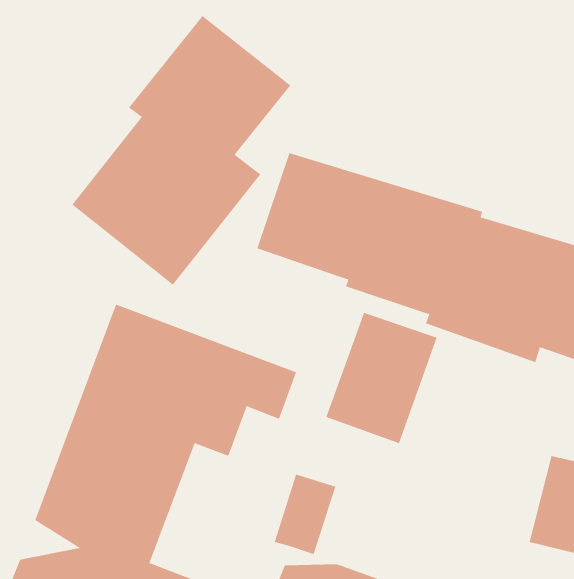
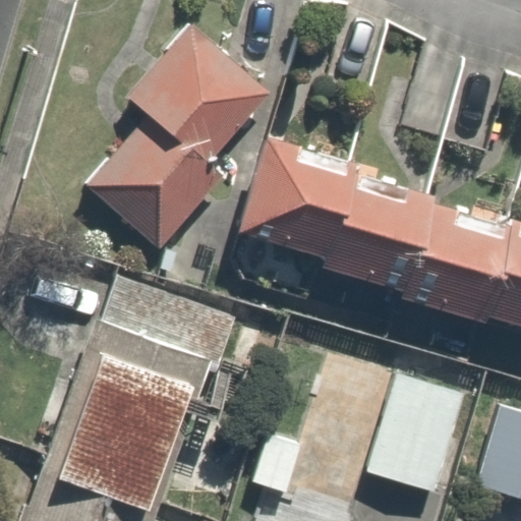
building: [325,312,437,444] -> [368,374,467,490]

